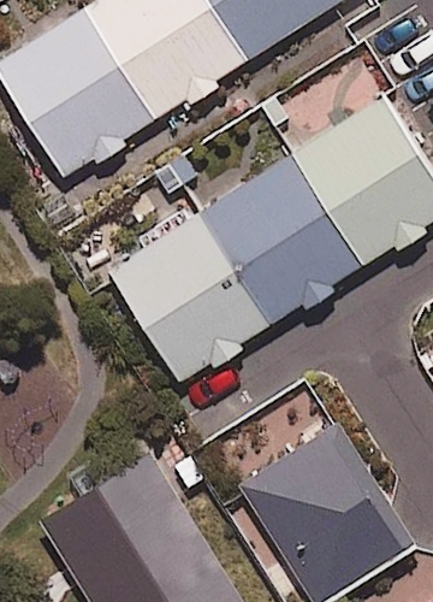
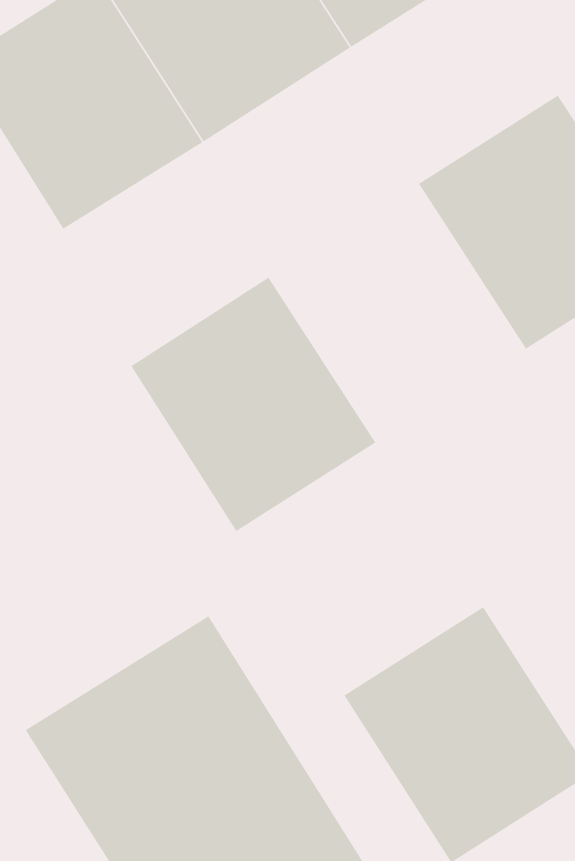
building: [200,153,362,323] -> none

